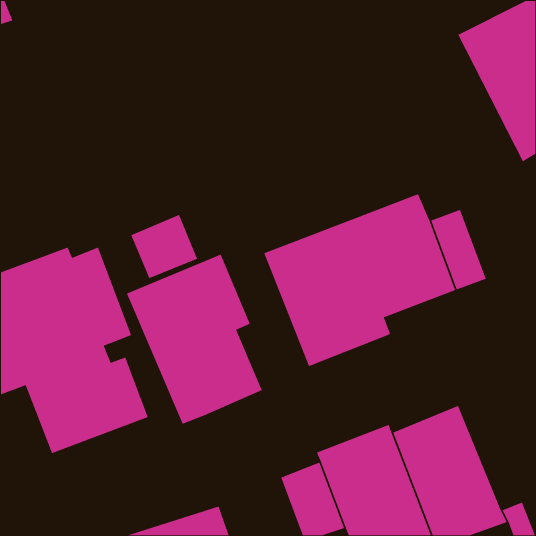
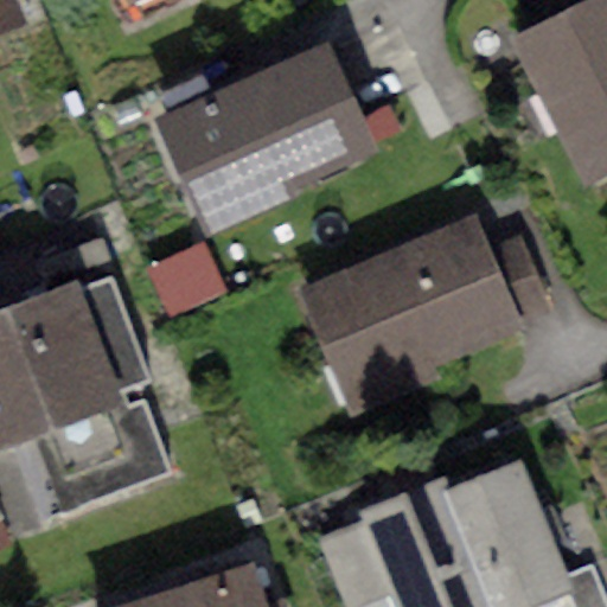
building: none -> [156,39,381,226]
building: [126,253,263,425] -> none

